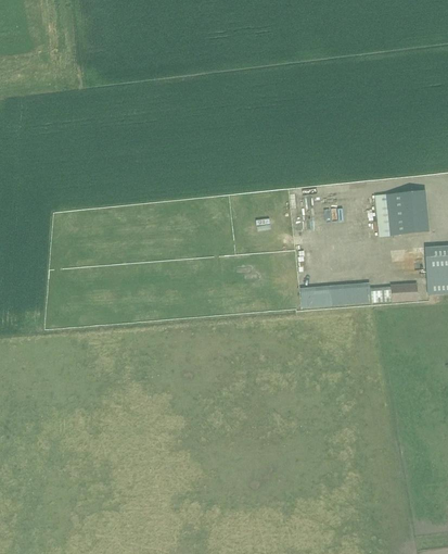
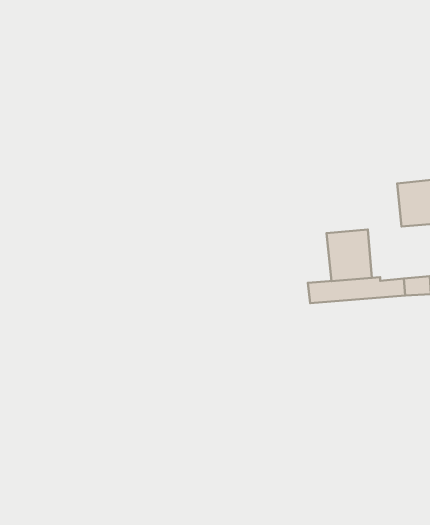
building: none -> [327,230,372,281]

